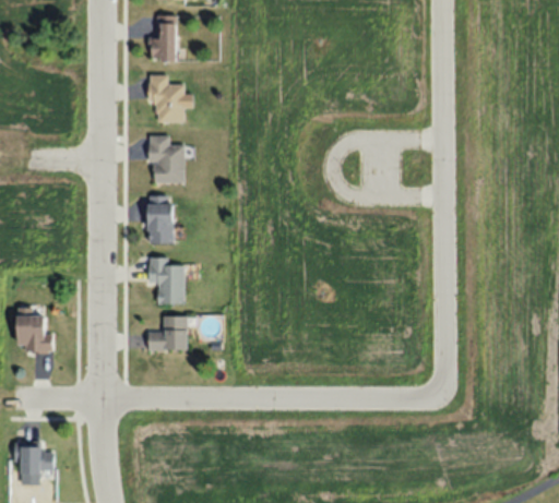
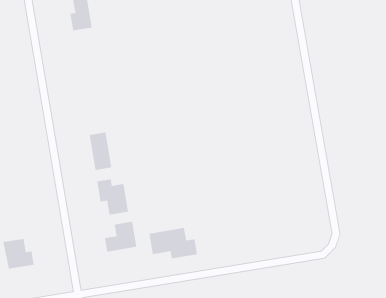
building: [148,74,192,121] -> none
building: [148,134,183,182] -> none
building: none -> [149,227,197,259]

